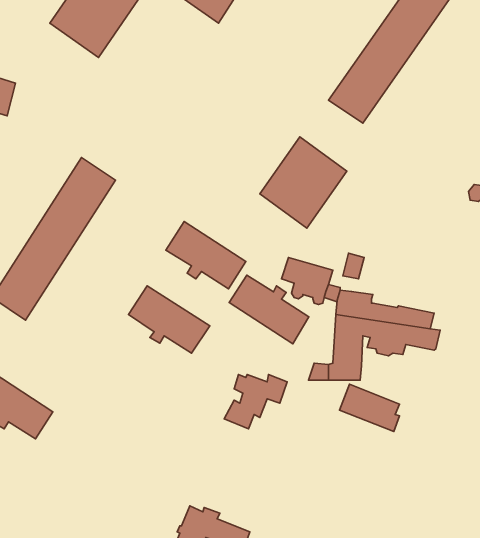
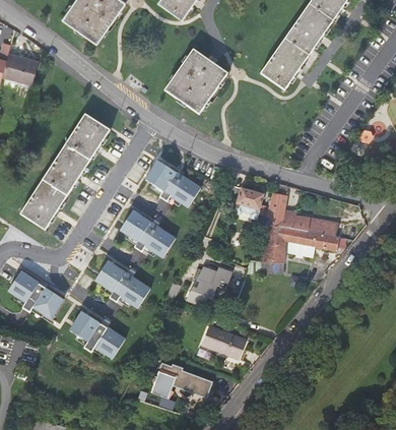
building: [260,137,347,228] -> [164,49,226,114]
building: [229,275,309,344] -> none
building: none -> [92,255,150,304]
building: [340,384,400,431] -> [202,326,245,360]
building: none -> [68,308,125,357]

